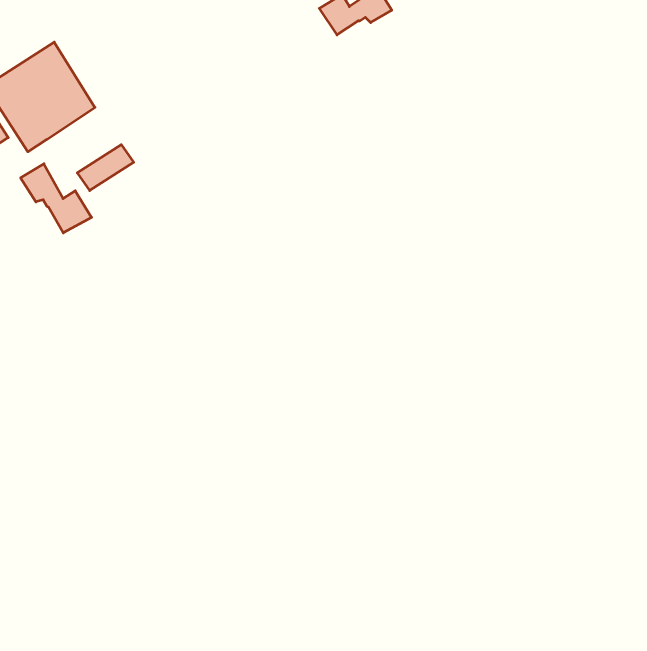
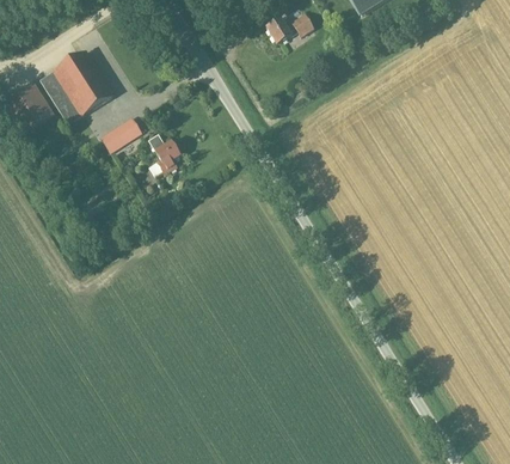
building: [21,164,92,233] -> none
building: none -> [148,133,180,172]

